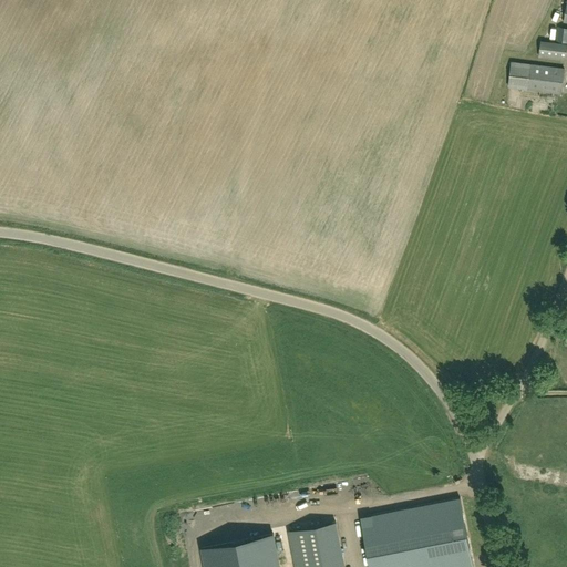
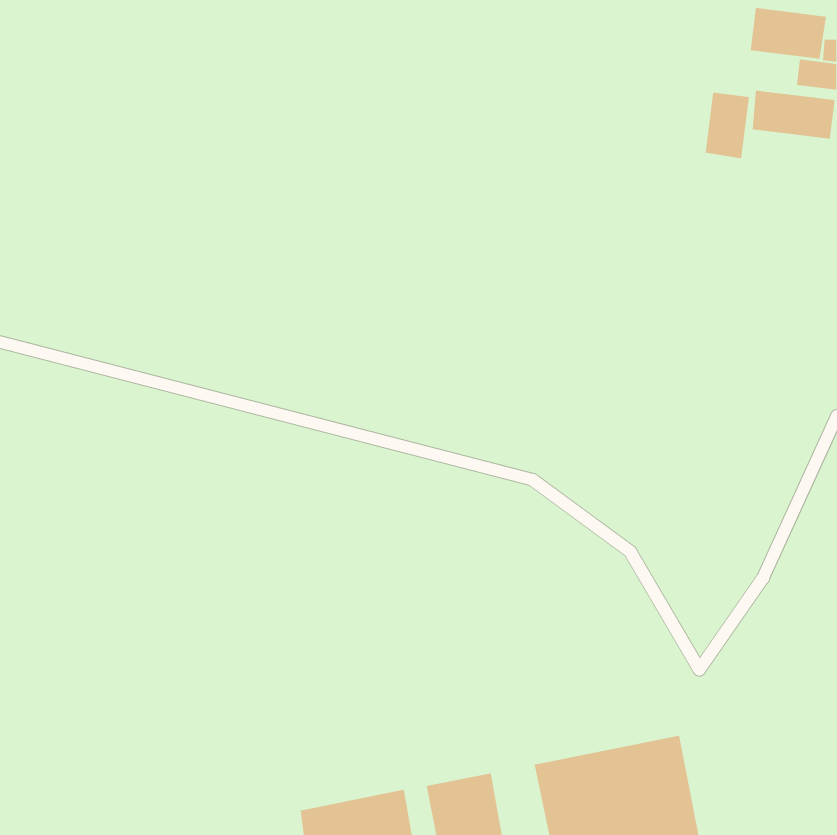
building: none -> [750,7,827,60]
building: none -> [705,92,749,159]

